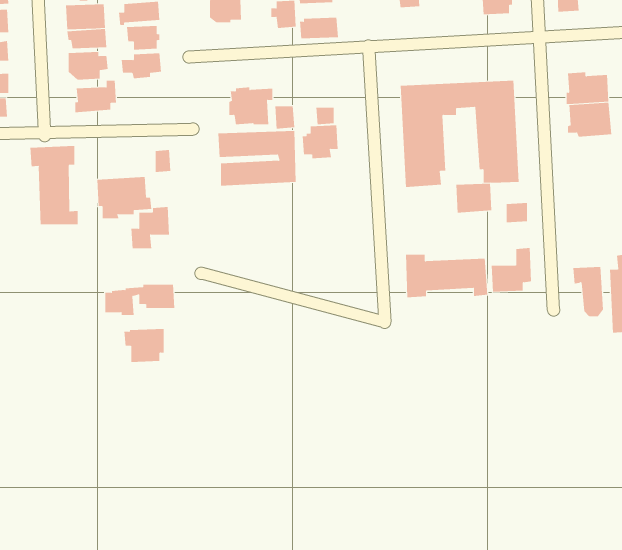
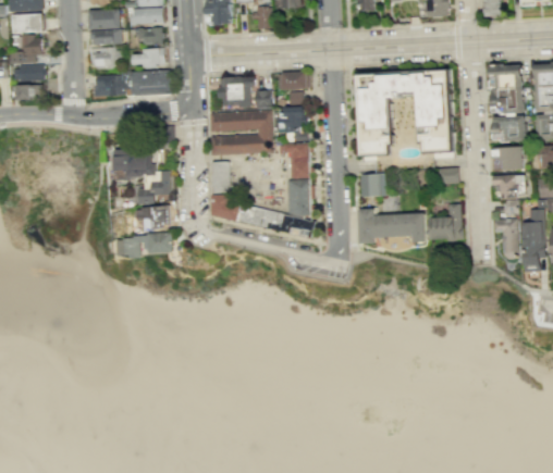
building: [299,17,339,39] -> [278,71,309,88]
building: none -> [131,70,168,95]
building: none -> [491,114,526,142]
building: [30,145,78,225] -> none
building: none -> [212,141,317,238]
building: none -> [491,147,523,171]
building: [456,183,492,213] -> [361,173,391,197]
building: none -> [493,175,526,199]
building: [124,329,164,363] -> [140,206,173,233]

